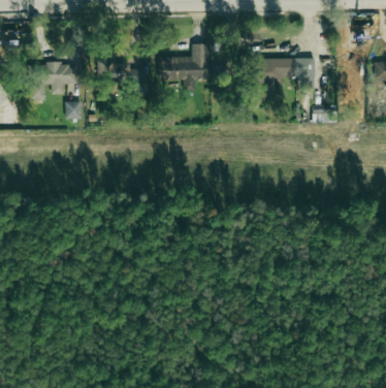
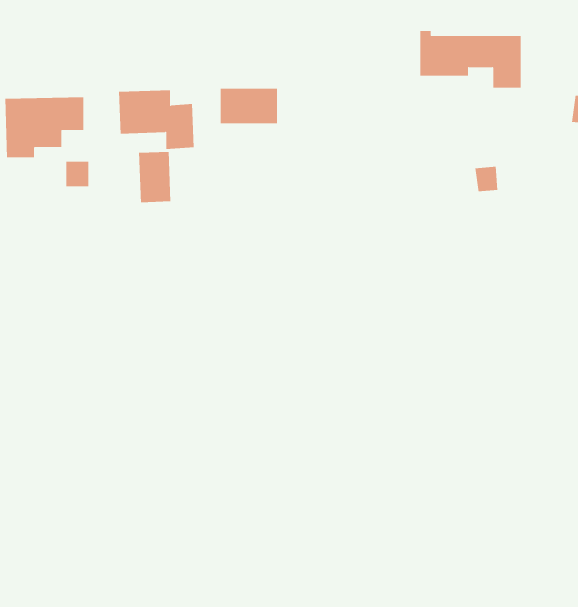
building: [256,54,318,89] -> [420,30,521,88]
building: none -> [138,151,171,203]

